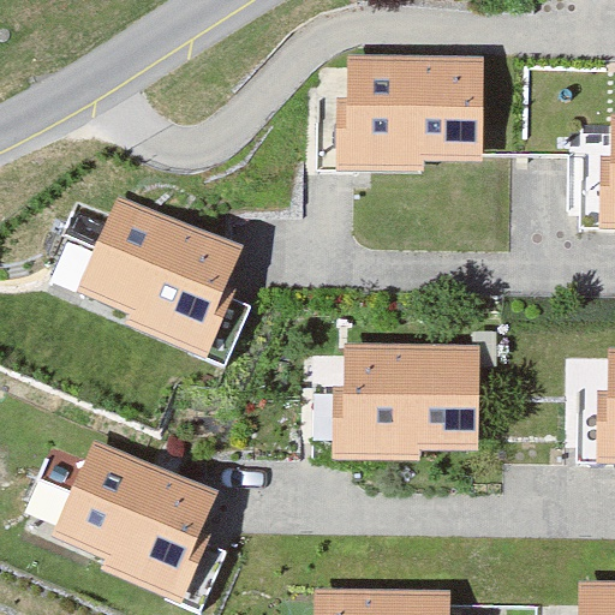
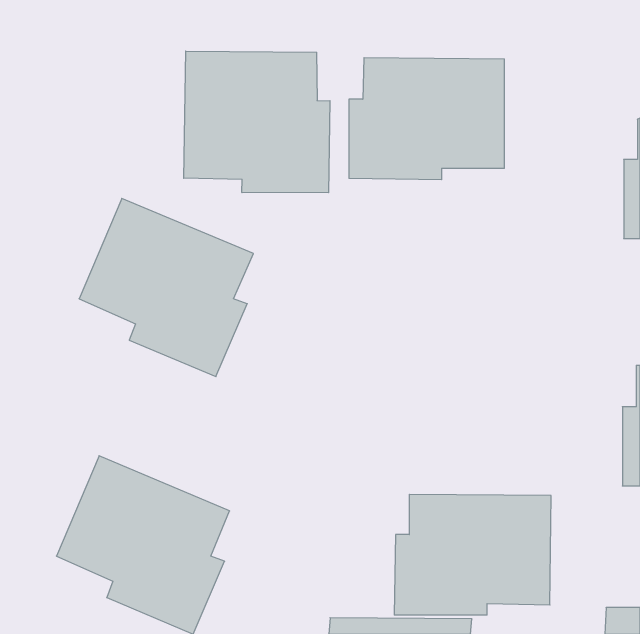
building: none -> [184,51,330,193]
building: [330,346,480,461] -> [394,494,551,615]

